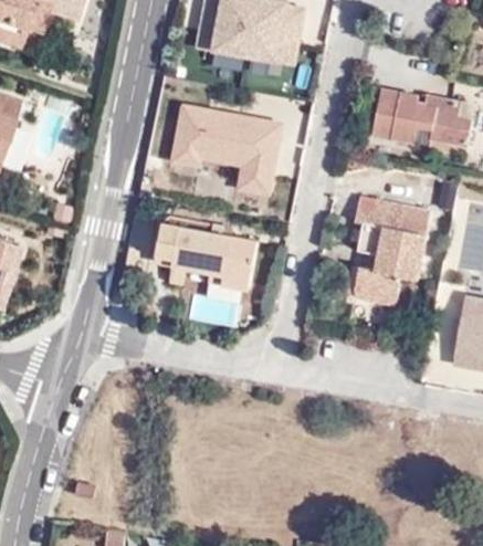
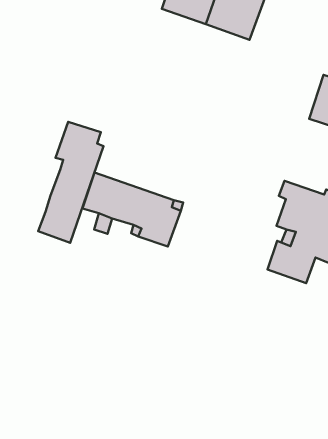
building: [180,104,285,188] -> none
building: none -> [38,122,104,243]

